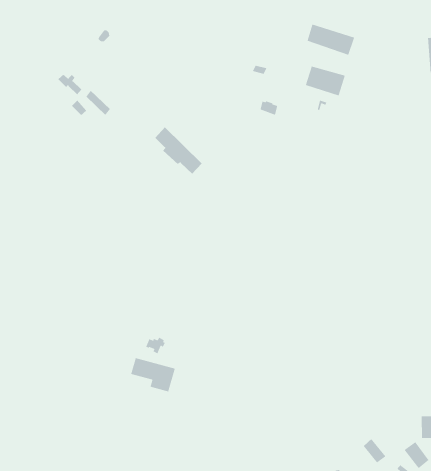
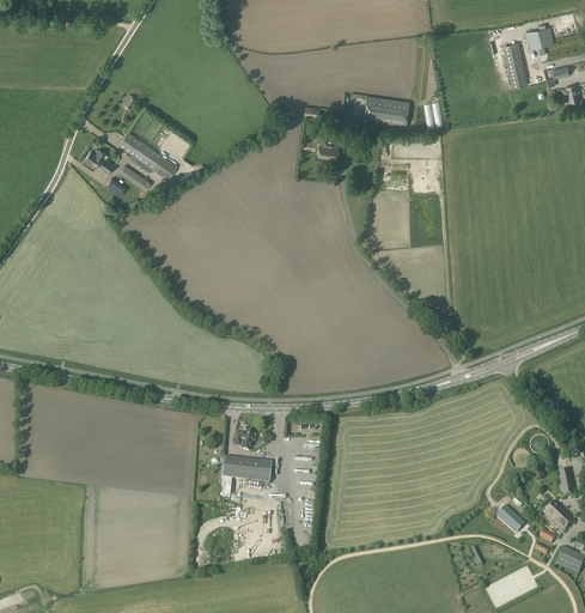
building: [306,23,355,56] -> none
building: [155,127,202,175] -> [118,131,177,180]

